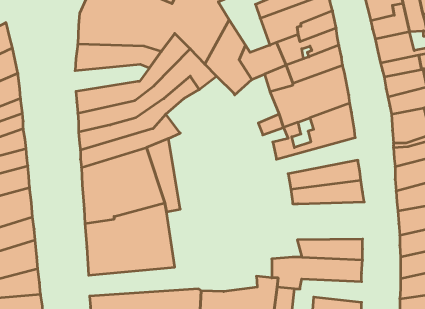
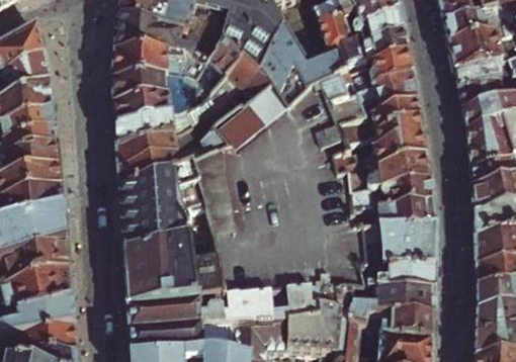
building: none -> [113,73,196,103]
building: none -> [214,86,290,151]
building: none -> [349,155,429,195]
building: none -> [359,227,436,269]
building: none -> [128,292,317,332]
building: none -> [364,312,433,339]

